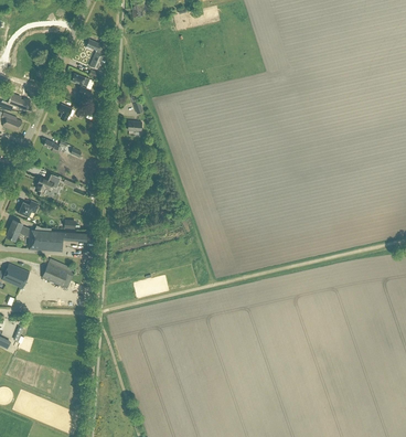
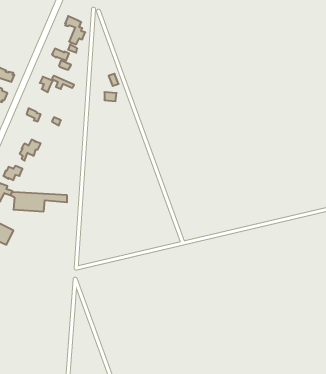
building: [41,258,75,287] -> none

